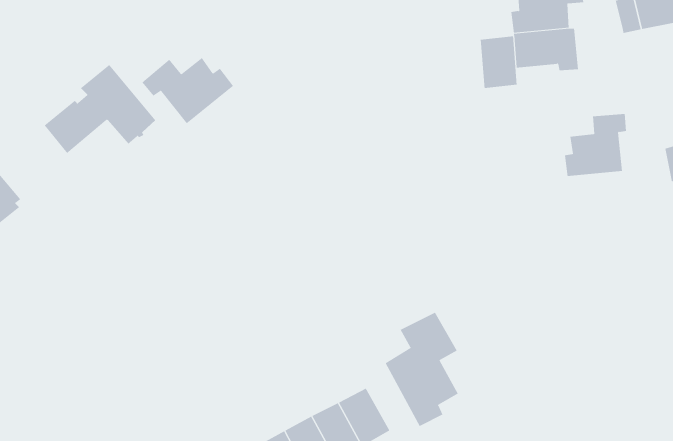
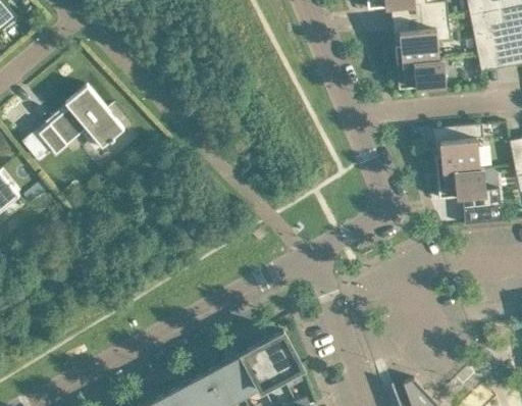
building: [480,36,517,89] -> none
building: [141,57,234,124] -> none
building: none -> [436,168,502,225]
building: [385,312,459,427] -> none

